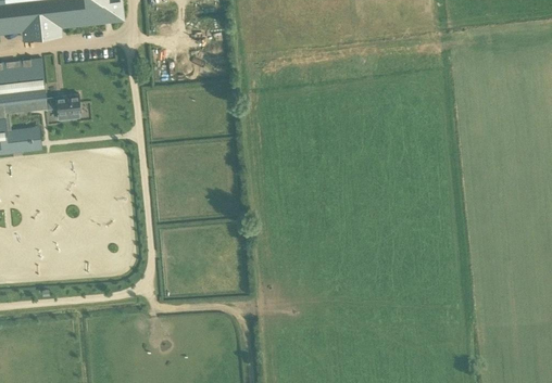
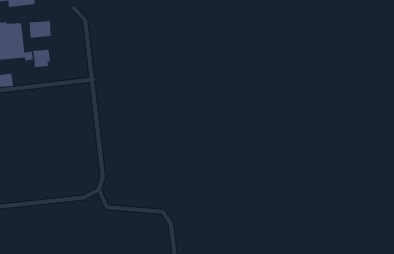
building: none -> [29,20,51,39]

